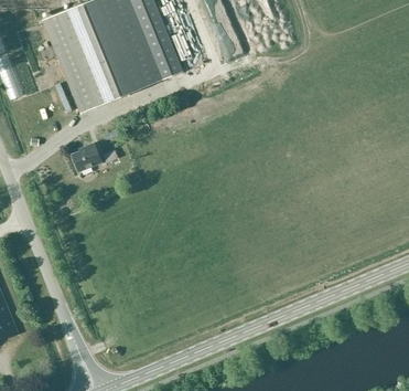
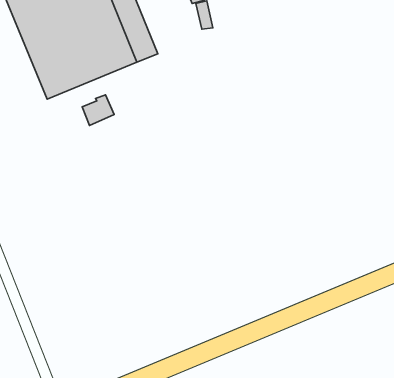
building: [72,144,100,171] -> [82,95,114,125]

